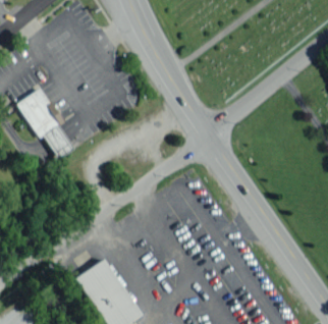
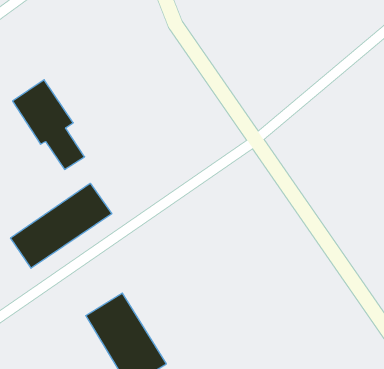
building: none -> [11,183,112,268]

